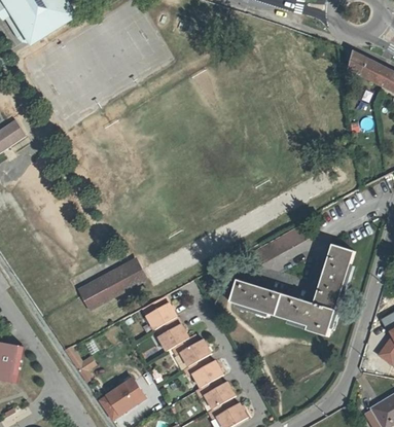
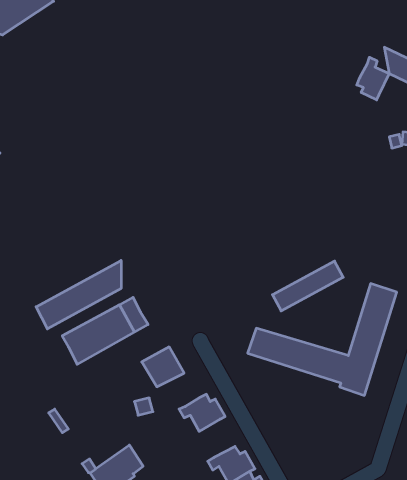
building: none -> [357,57,389,100]
building: none -> [36,260,121,329]
building: [155,318,190,351] -> none
building: [186,356,224,388] -> none

